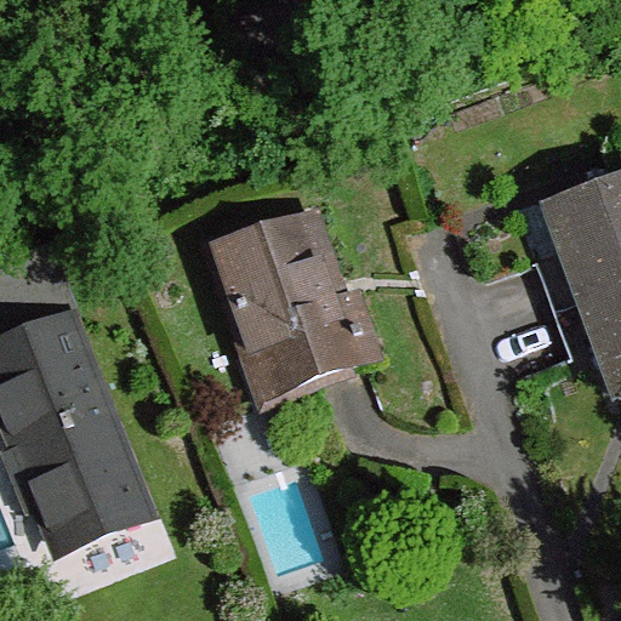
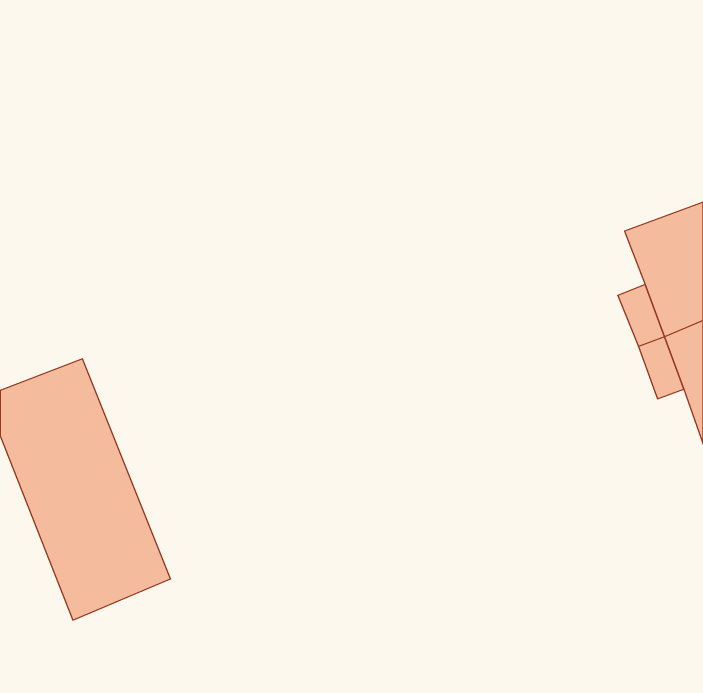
building: [220,212,375,391] -> none

